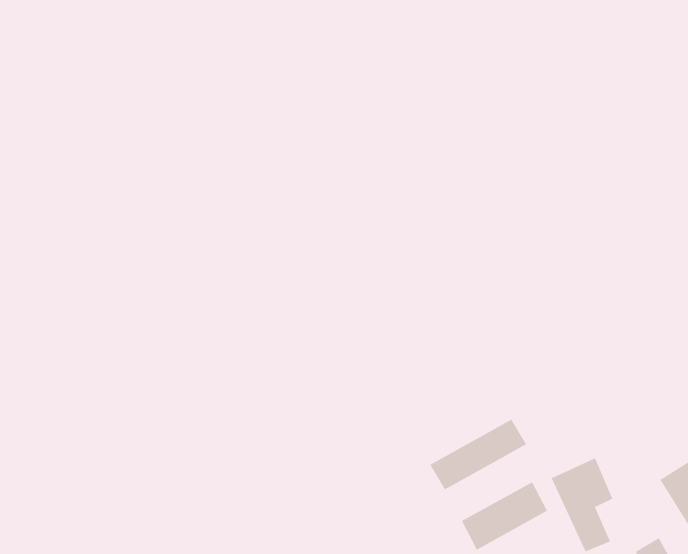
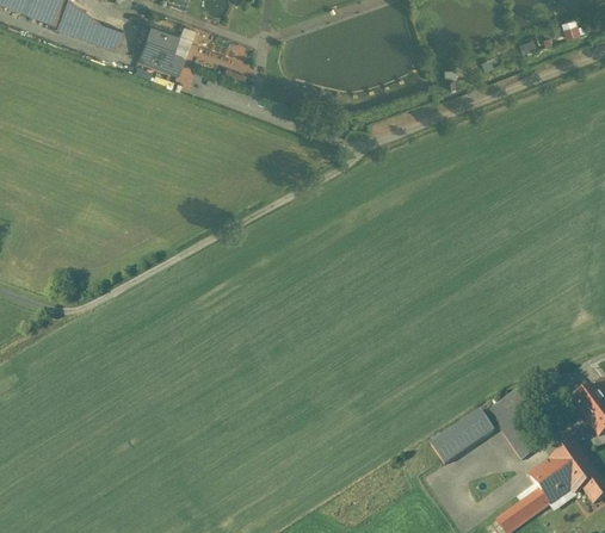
building: [430,419,527,490] -> none

